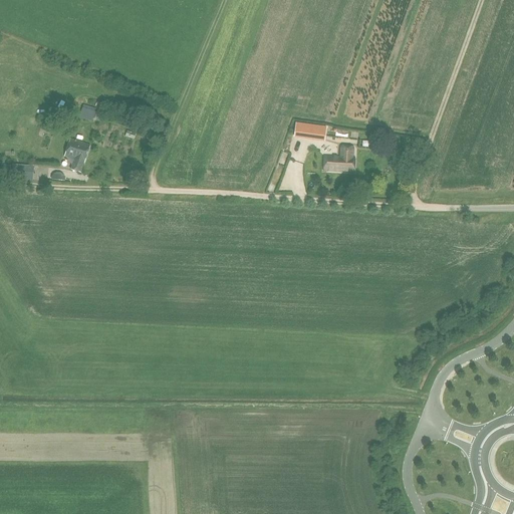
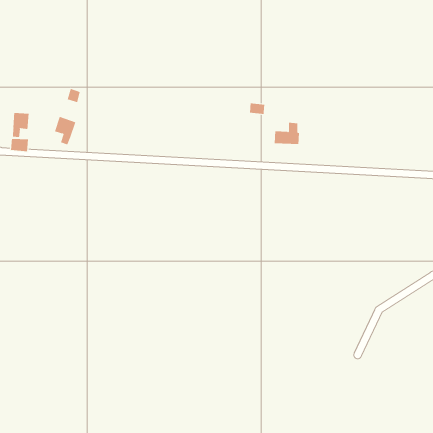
building: none -> [13,112,29,138]

